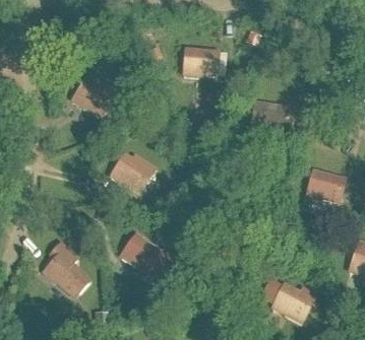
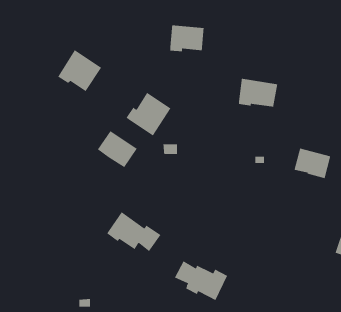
building: none -> [125,92,171,136]
building: [43,243,88,296] -> none
building: [260,279,314,320] -> [174,260,228,301]

